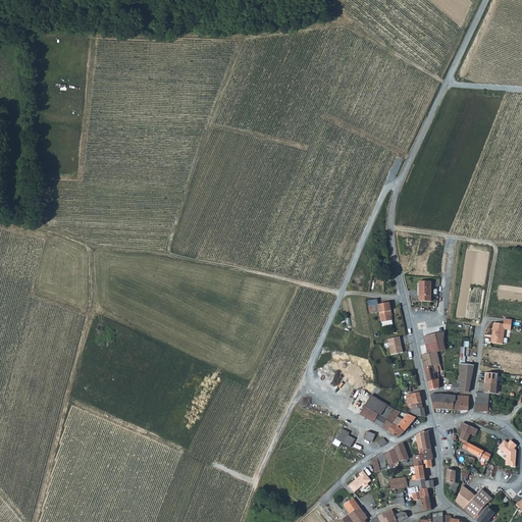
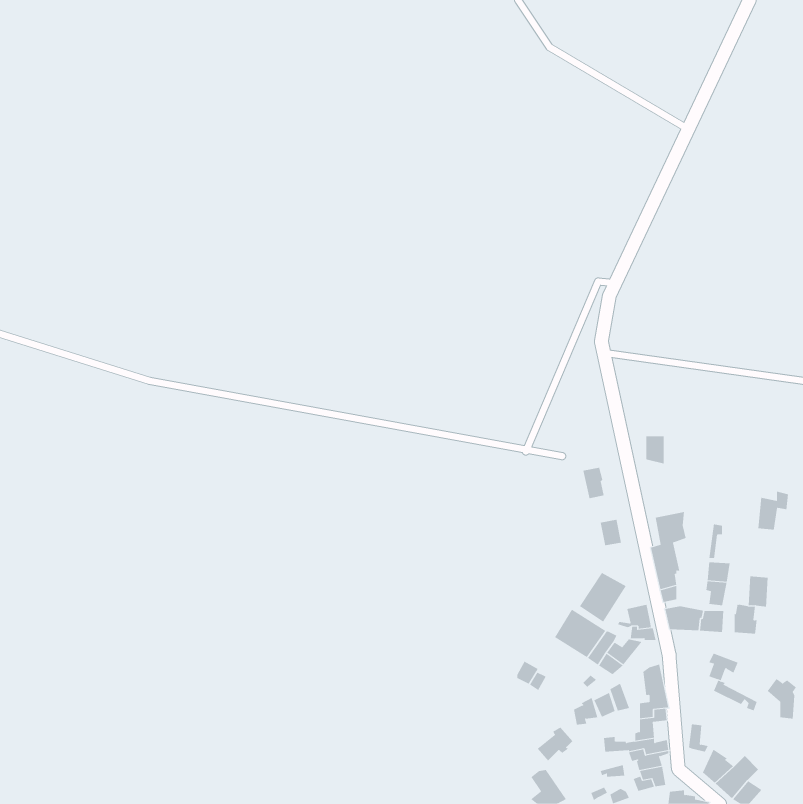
building: none -> [579,572,626,622]

